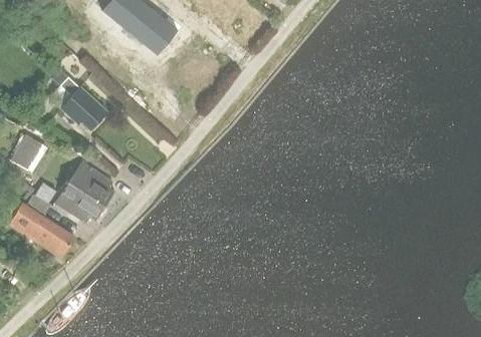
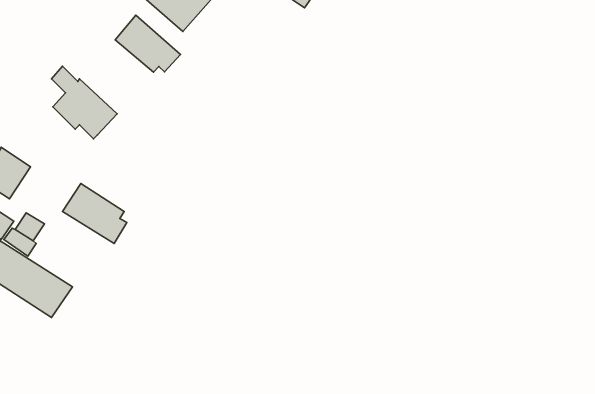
building: none -> [115,15,181,72]
building: [55,182,105,222] -> none

